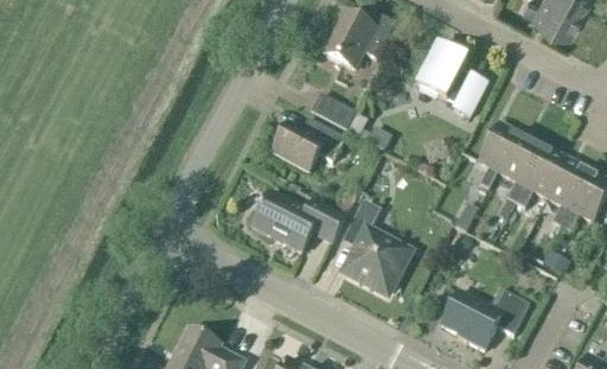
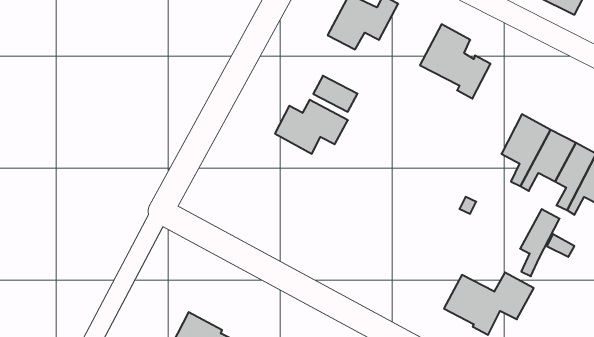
building: [478,125,517,191] -> [520,209,560,276]
building: [251,193,345,254] -> none
building: [345,204,410,297] -> none

